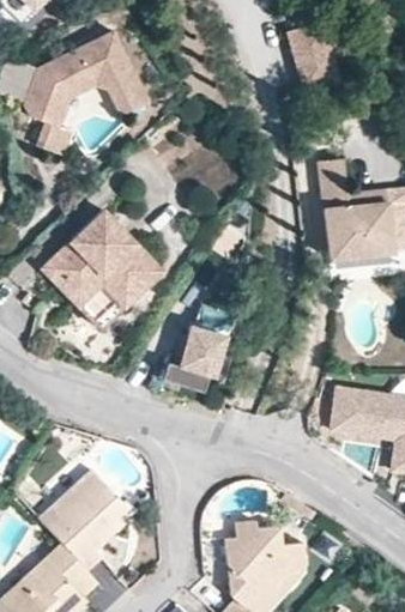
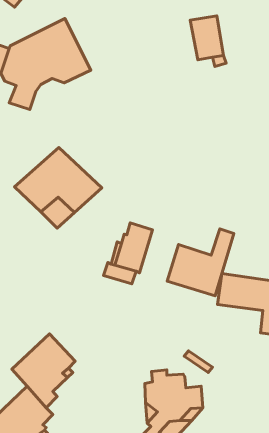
building: [320,160,393,261] -> none
building: none -> [167,229,234,296]

